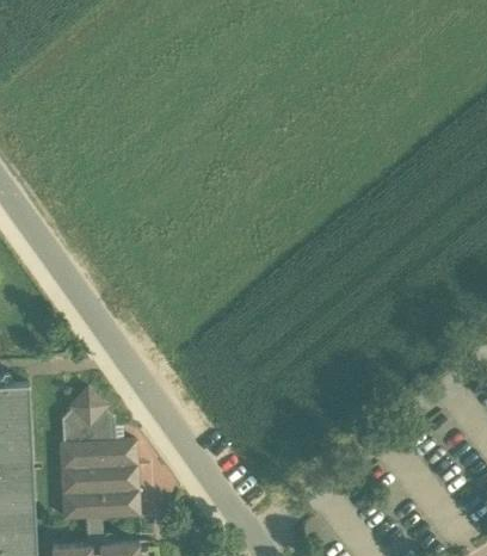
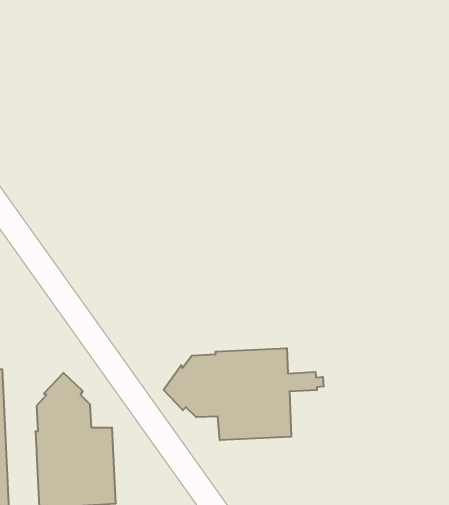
building: none -> [164,348,324,440]

